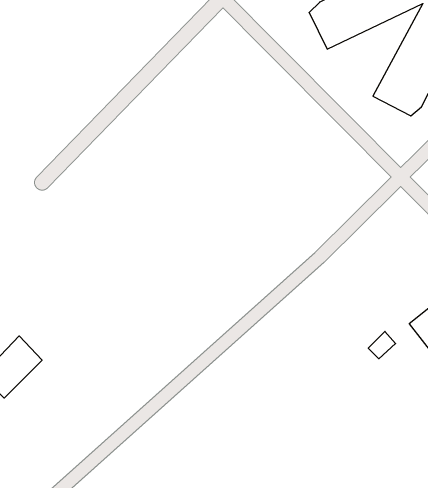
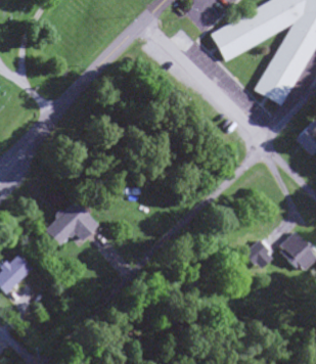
building: none -> [45,202,99,246]

